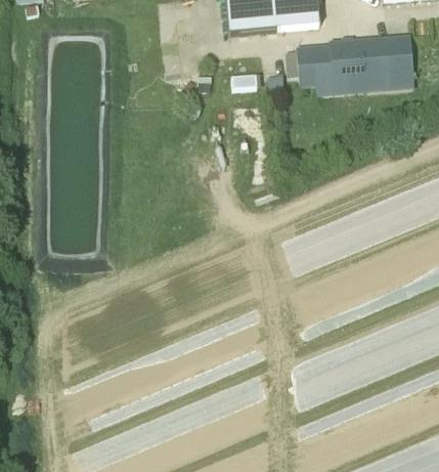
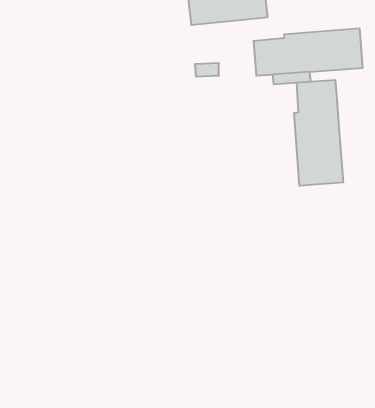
building: none -> [294,80,343,186]

